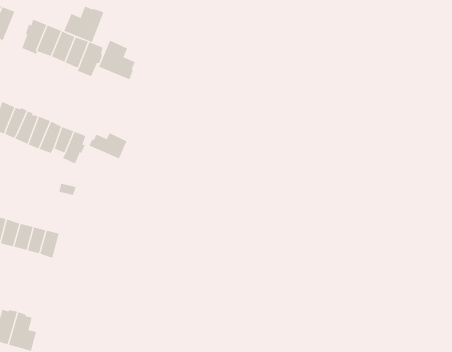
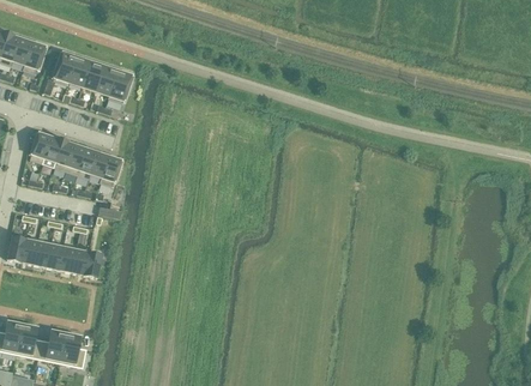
building: [63,6,104,43] -> none
building: [98,40,135,80] -> none
building: [89,133,127,159] -> none

